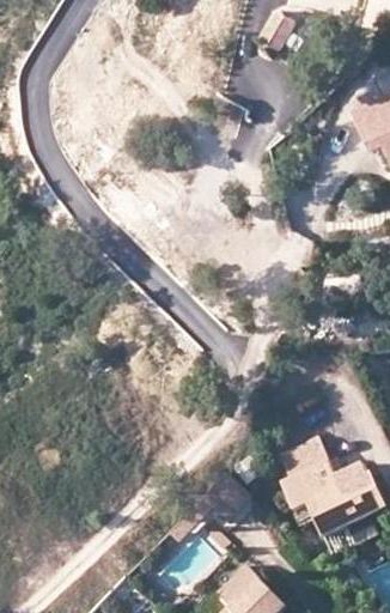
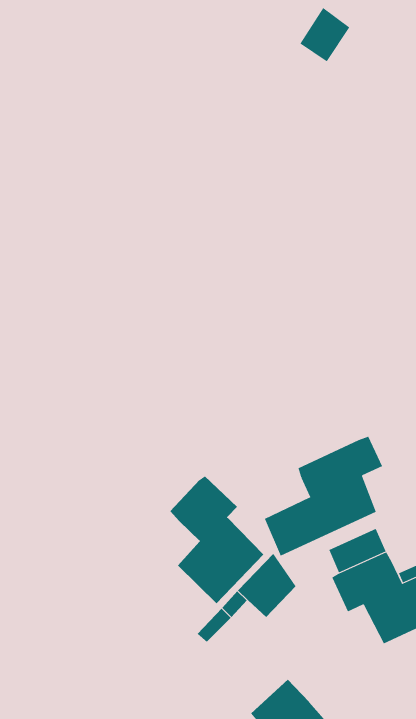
building: none -> [264,436,383,556]
building: none -> [169,475,264,604]

